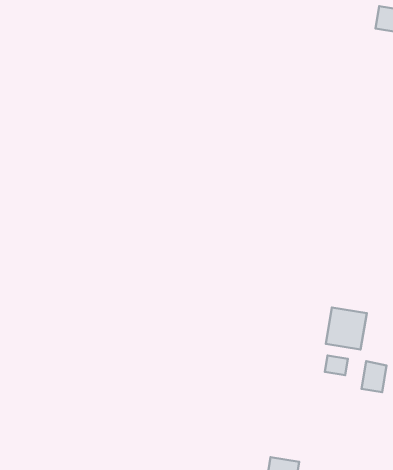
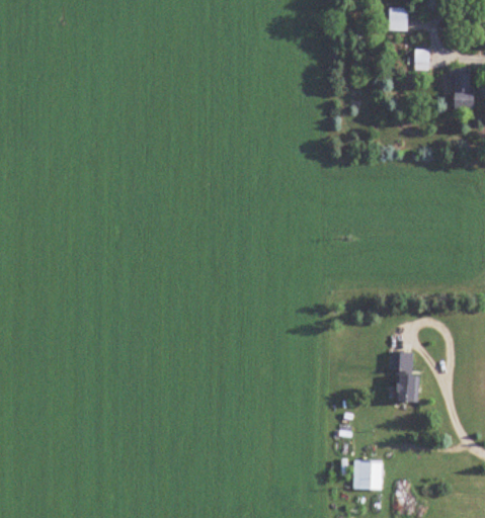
building: [326,307,367,350] -> none
building: [362,361,386,392] -> [398,374,418,402]

